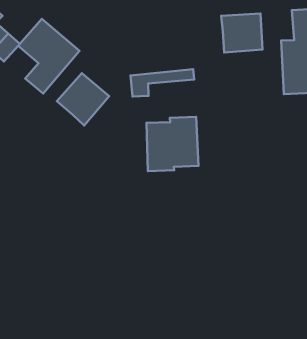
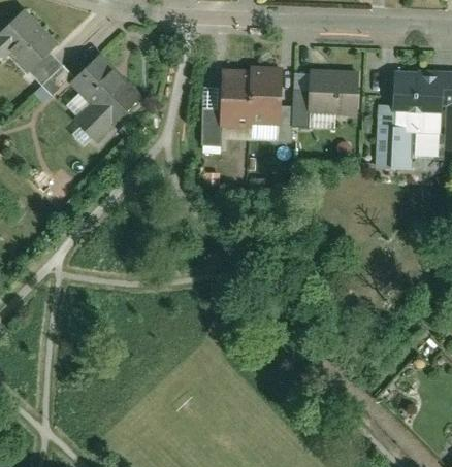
building: none -> [292,89,312,128]
building: [57,73,109,125] -> none
building: [146,117,199,171] -> [220,65,283,127]

